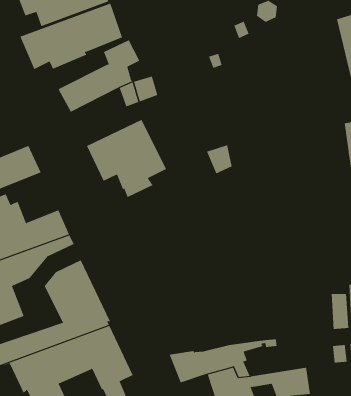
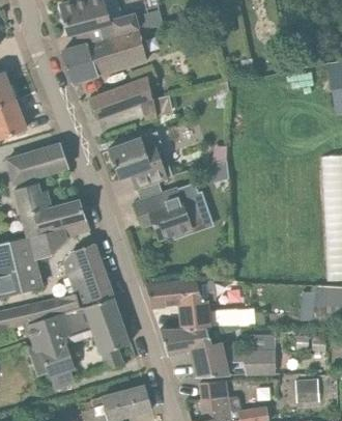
building: none -> [134,185,202,241]
building: none -> [145,280,254,330]

